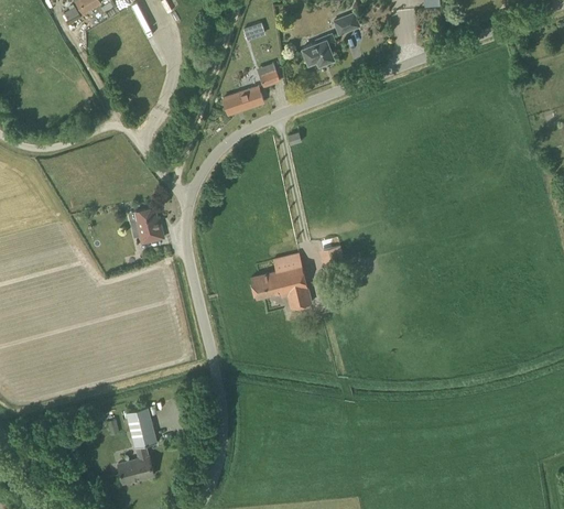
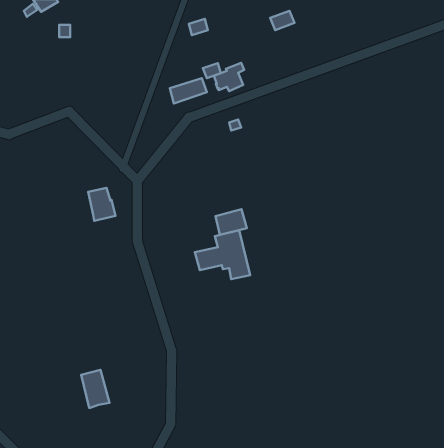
building: [302,34,335,65] -> [214,63,244,91]
building: none -> [216,209,247,235]
building: [117,445,153,484] -> none

